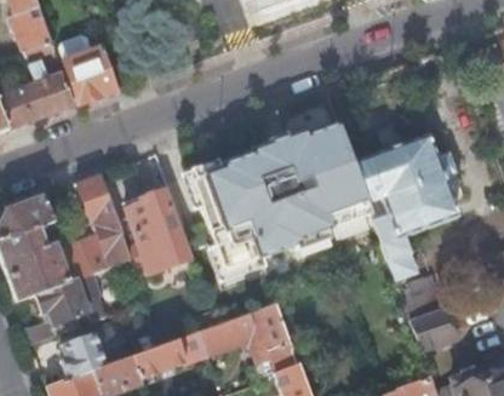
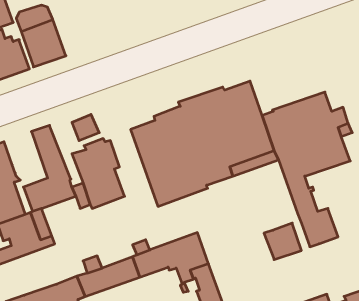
building: [408,308,453,351] -> [264,223,301,260]
building: [59,332,105,378] -> none

